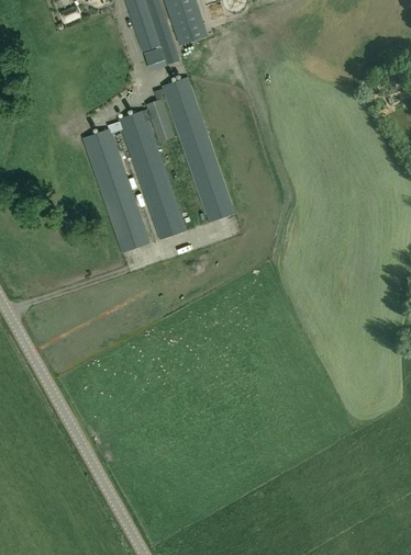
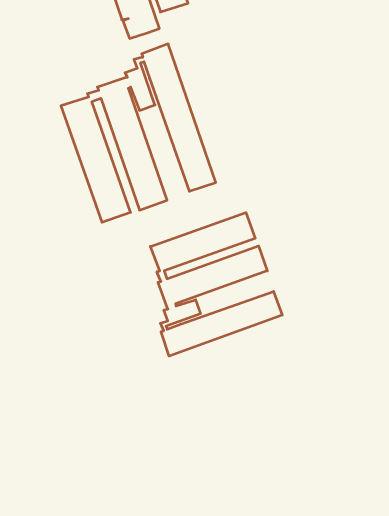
building: none -> [150,213,282,356]

